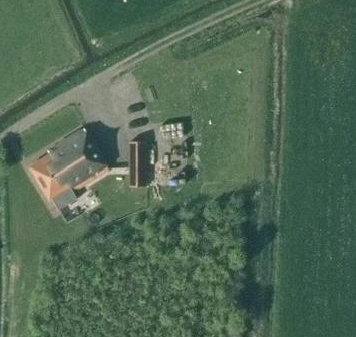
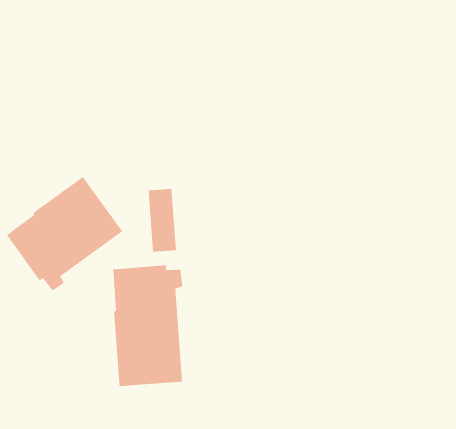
building: none -> [113,265,183,387]

